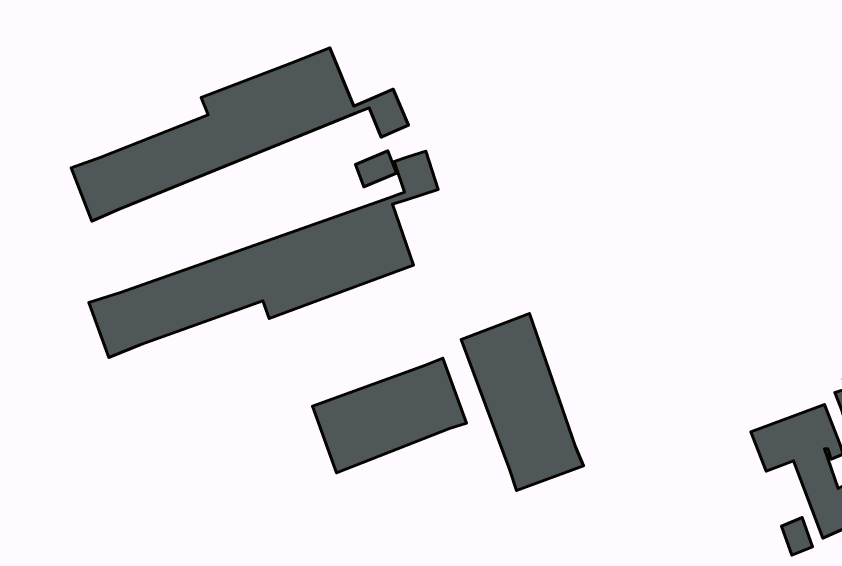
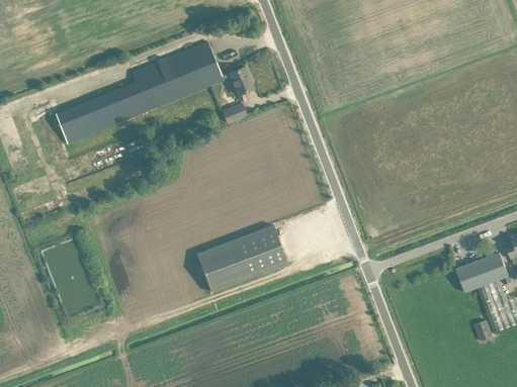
building: [89,151,438,357] -> none
building: [461,314,584,491] -> none

